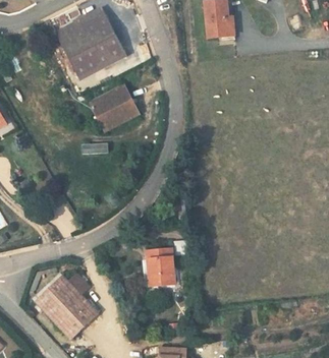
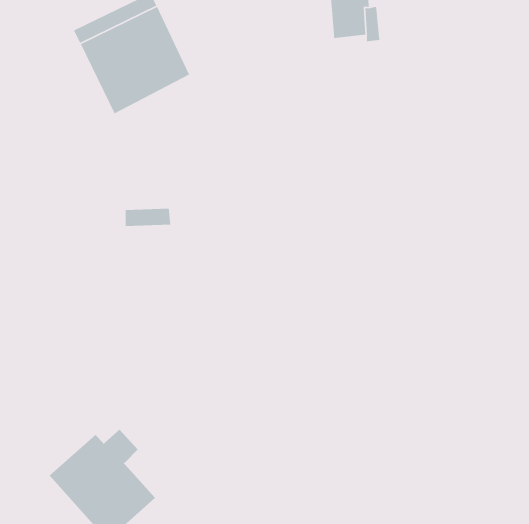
building: [85,92,133,136] -> none
building: [148,245,177,282] -> none

